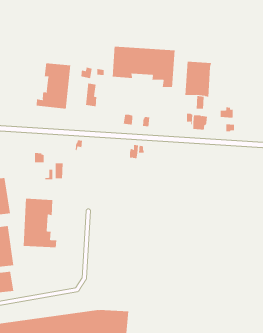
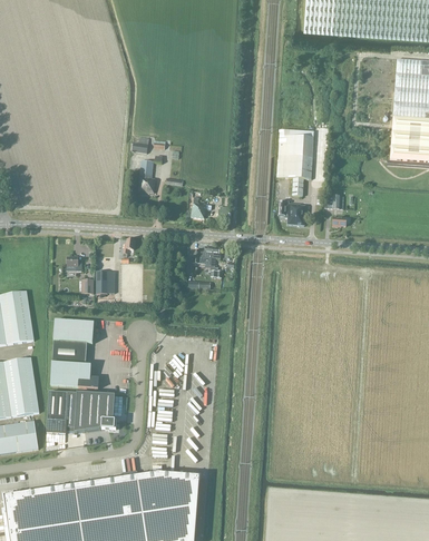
building: [112,46,175,88] -> none
building: [36,62,71,109] -> none
building: none -> [48,393,118,434]

